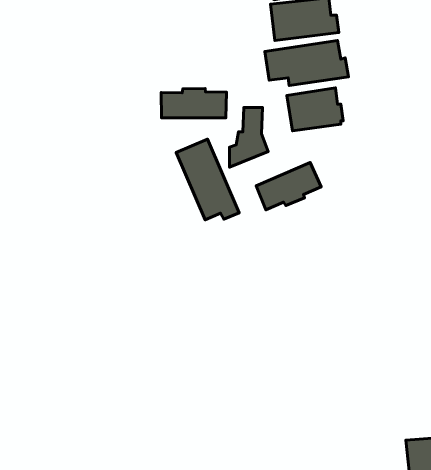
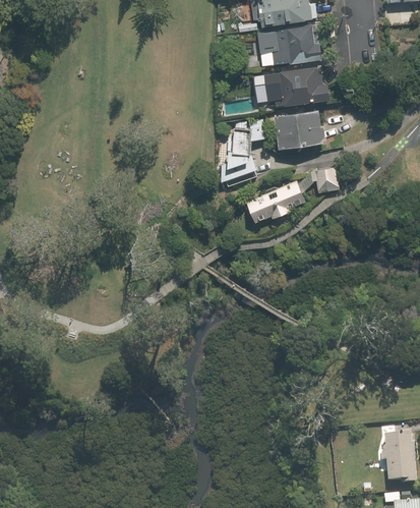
building: [161,89,226,118] -> none
building: [176,139,239,220] -> none
building: none -> [313,164,339,190]

